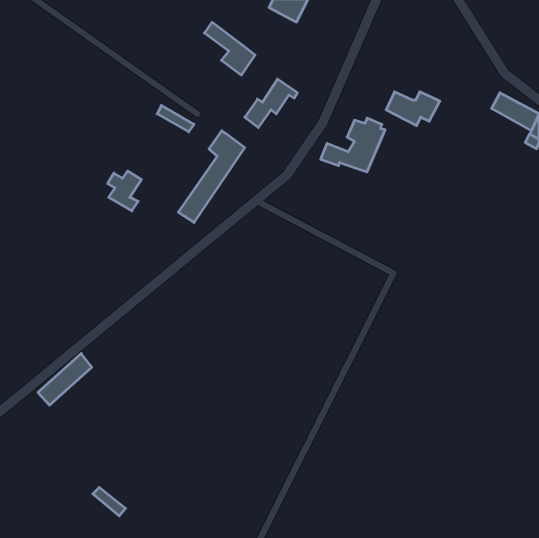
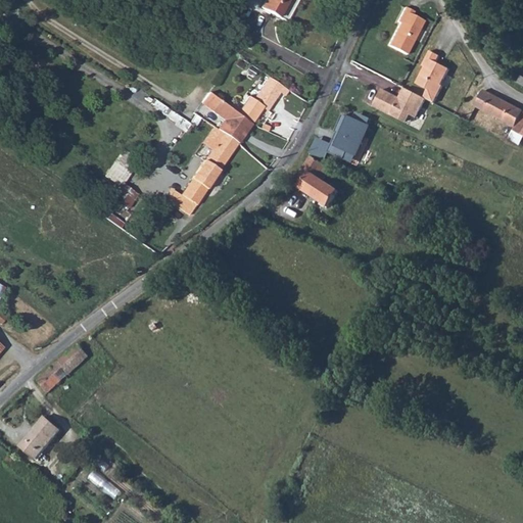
building: none -> [388,6,424,54]
building: [204,22,255,75] -> [201,92,250,143]
building: none -> [417,50,449,102]
building: none -> [292,155,339,207]
building: none -> [20,417,61,459]

